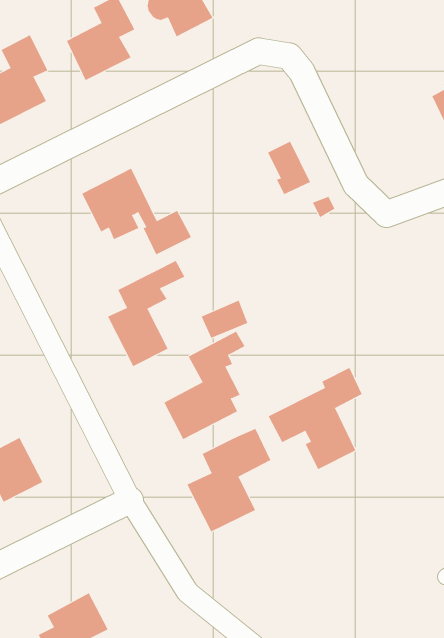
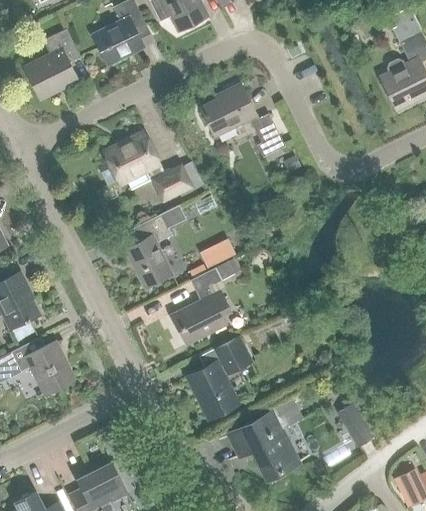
building: none -> [200,82,255,135]
building: [268,367,363,470] -> [228,396,302,476]
building: none -> [335,404,372,448]

